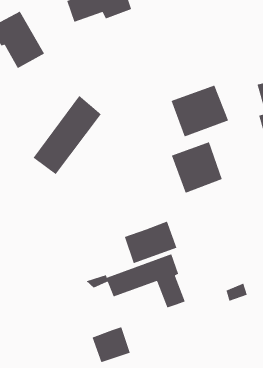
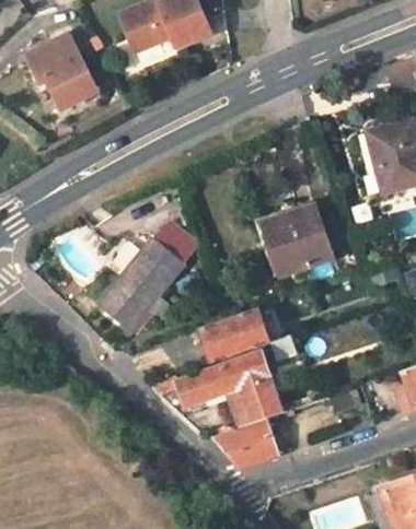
building: [170,85,229,137] -> none
building: [32,95,102,175] -> [108,211,199,316]
building: [92,326,131,363] -> [229,419,280,467]

